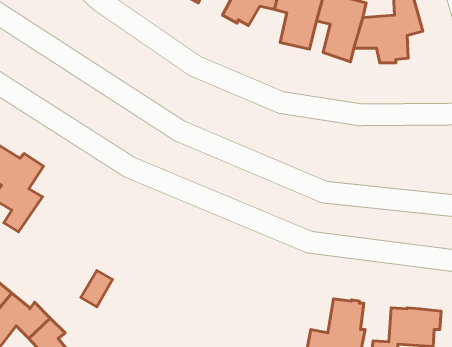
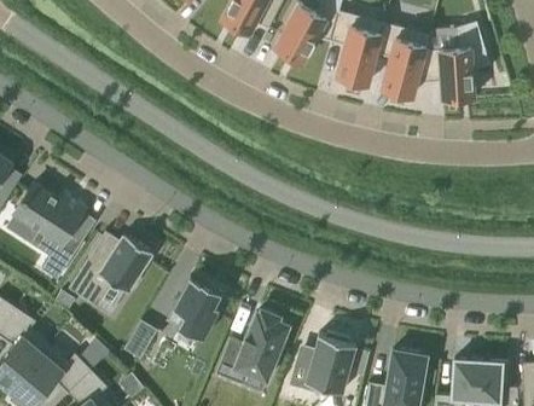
building: none -> [69,231,153,304]
building: none -> [169,278,222,341]
building: none -> [216,309,289,383]
building: none -> [290,332,356,394]

